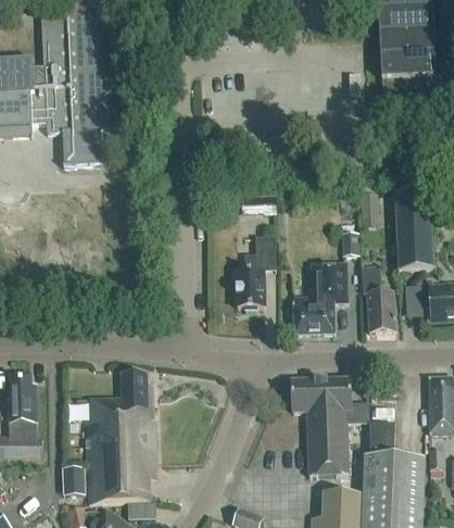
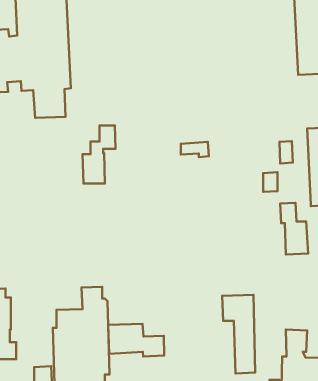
building: [236,236,276,306] -> [83,125,116,184]
building: [293,264,346,335] -> none
building: [329,379,368,475] -> none
building: none -> [108,324,164,356]

